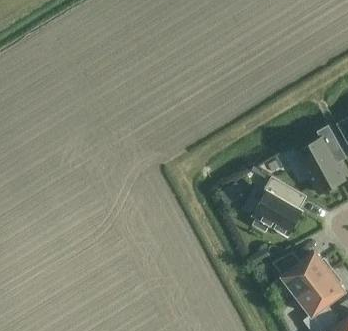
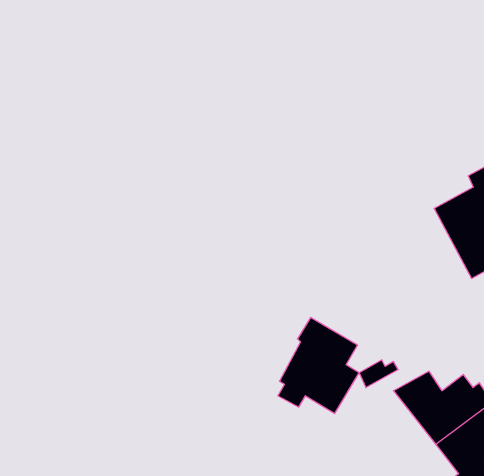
building: [252,177,302,236] -> [278,318,359,414]

